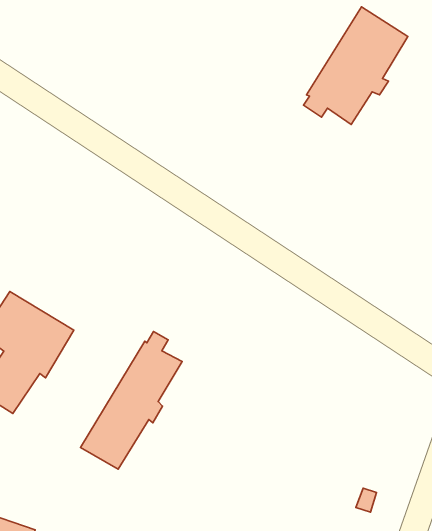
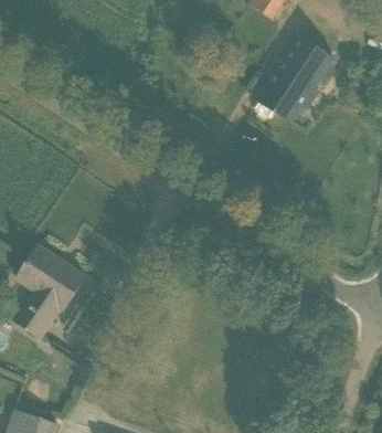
building: [81,332,182,469] -> none

